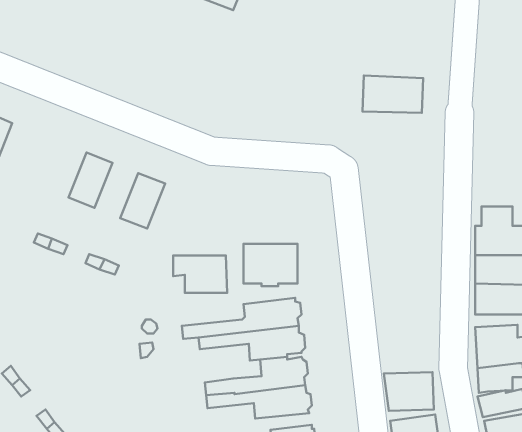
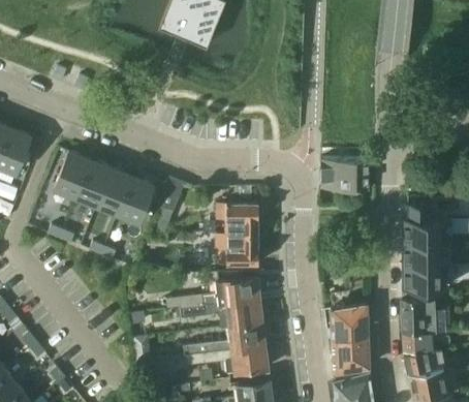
building: [363,76,423,113] -> [321,159,370,189]
building: none -> [54,153,90,197]
building: none -> [96,169,131,214]
building: none -> [158,178,185,213]
building: [173,255,227,293] -> [216,205,259,235]
building: none -> [324,305,368,339]

